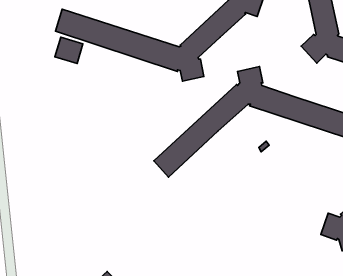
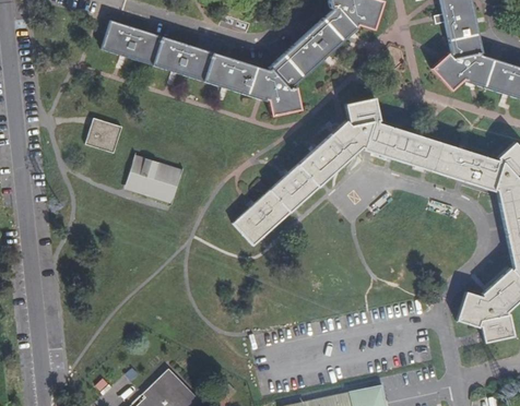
building: [55,37,83,63] -> [87,117,125,152]
building: none -> [128,150,187,200]

